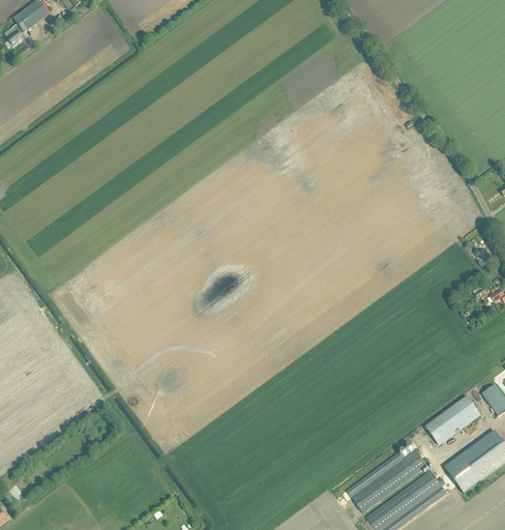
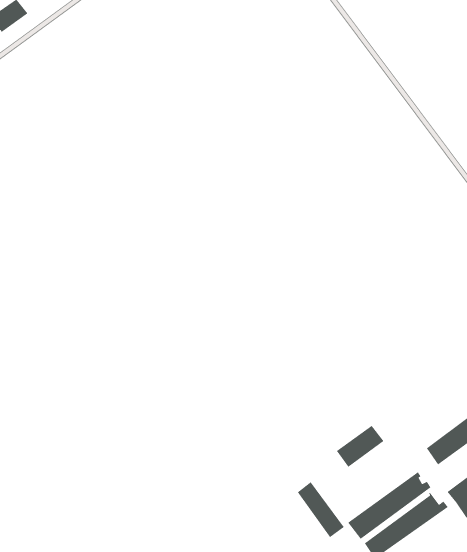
building: none -> [336,425,384,468]
building: none -> [297,481,345,538]

